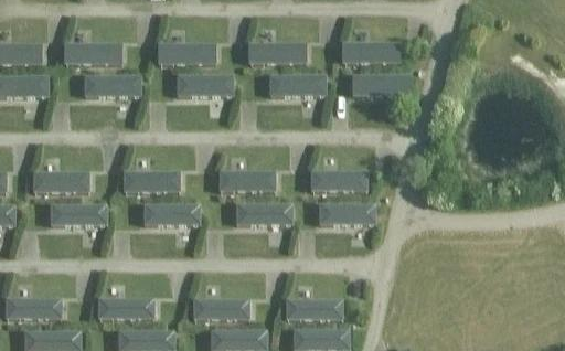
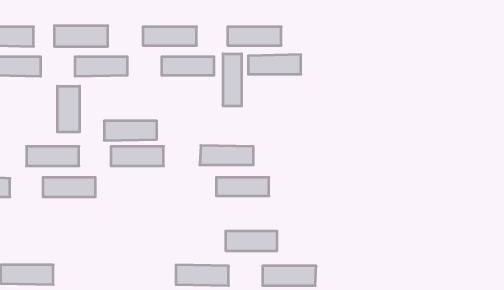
building: [341,42,399,63] -> none
building: none -> [223,54,242,106]
building: [352,74,409,94] -> none
building: none -> [57,86,80,132]
building: [311,170,367,191] -> none
building: [320,203,375,224] -> [226,231,277,251]
building: [143,204,200,225] -> [104,121,157,140]
building: [98,298,154,319] -> none

